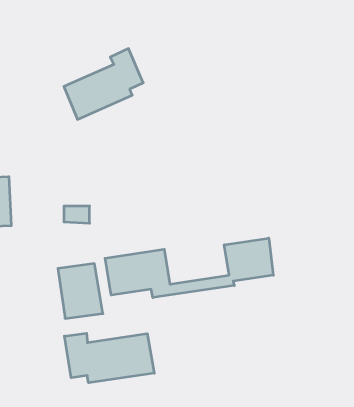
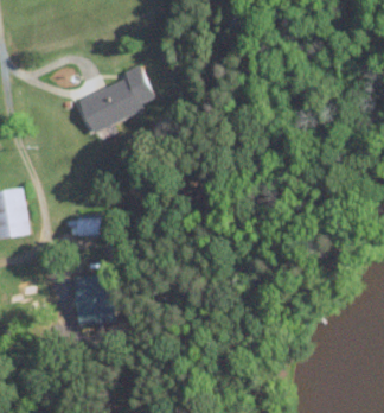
building: [105,238,273,298] -> none
building: [64,333,154,383] -> none

